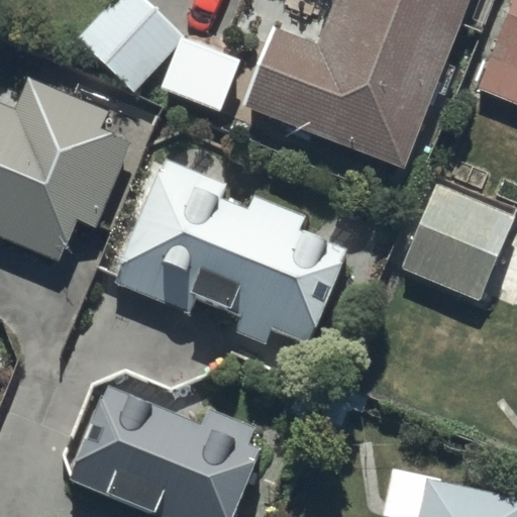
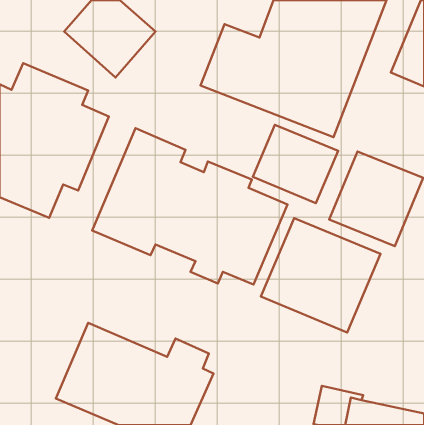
building: none -> [253,125,338,203]
building: none -> [261,218,381,333]

